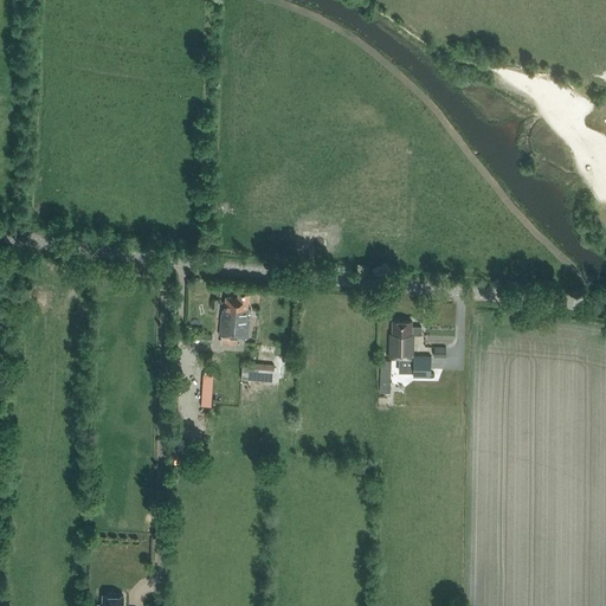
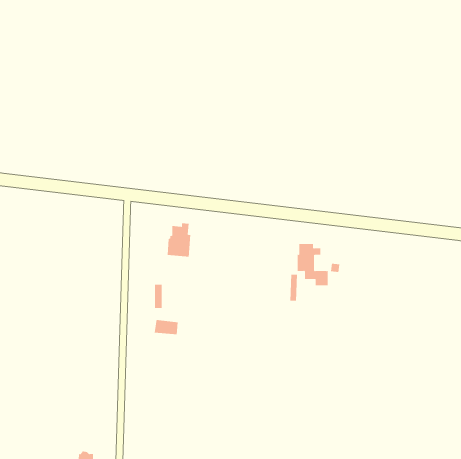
building: [241,363,273,383] -> [154,319,178,335]

